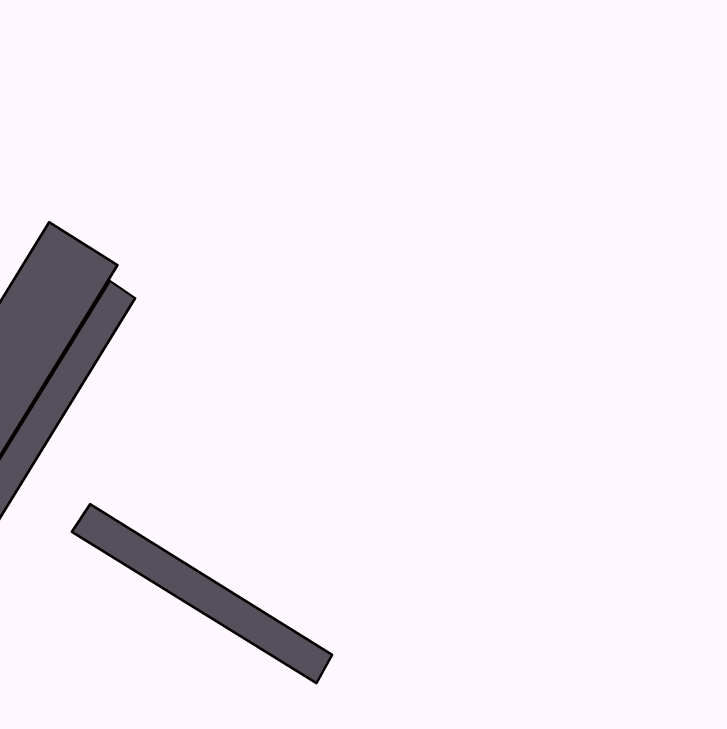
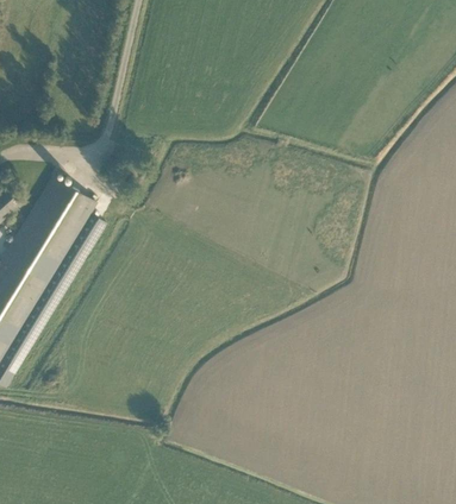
building: [72,504,332,683] -> none

